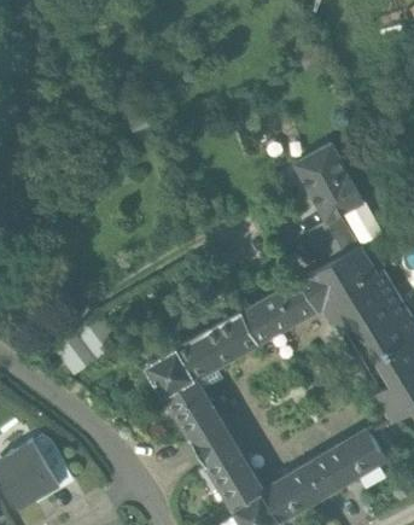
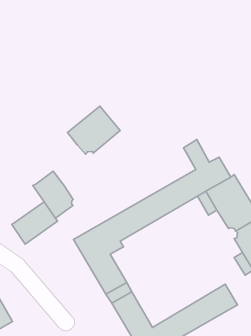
building: [293,142,362,221] -> none
building: none -> [67,106,120,154]
building: none -> [33,171,73,218]

